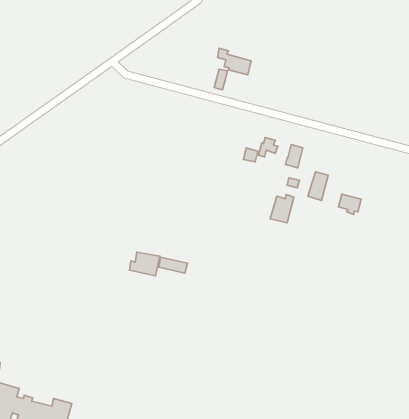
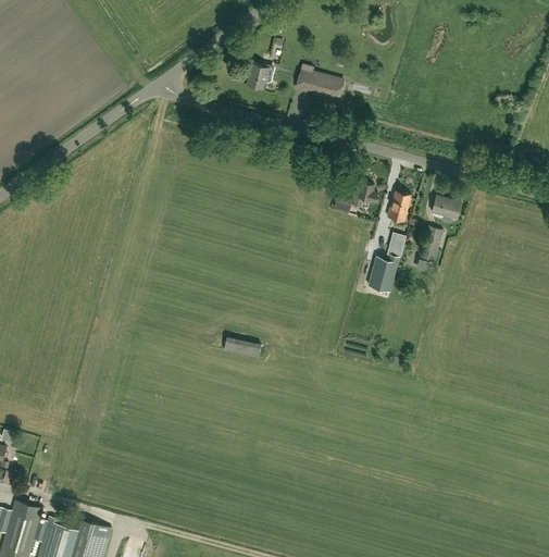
building: none -> [246,64,273,89]
building: [339,194,361,214] -> [431,196,460,222]
building: [129,252,160,276] -> none

